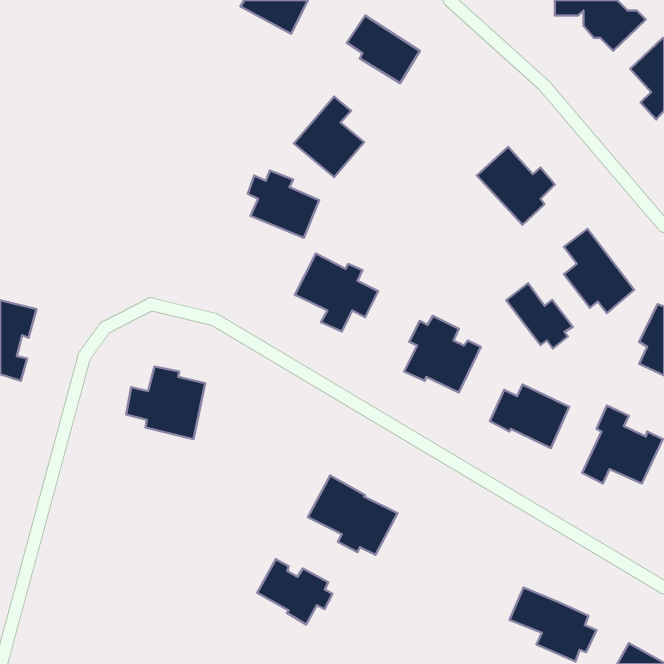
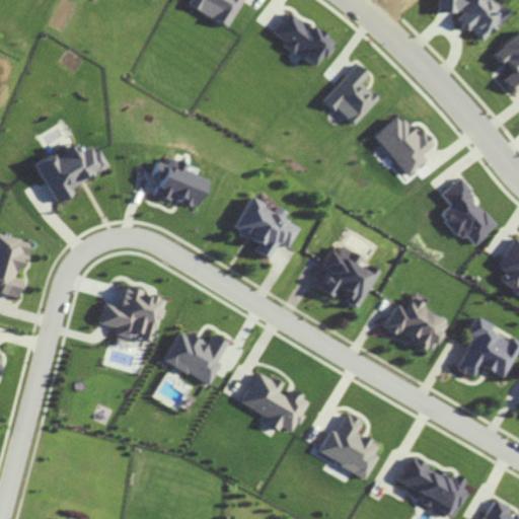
building: [294,97,364,177] -> [321,63,376,126]
building: [248,170,319,238] -> [149,157,205,210]
building: none -> [33,144,104,203]
building: [506,283,573,348] -> none
building: none -> [162,329,227,385]
building: none -> [318,414,377,477]
building: [257,559,333,625] -> none

